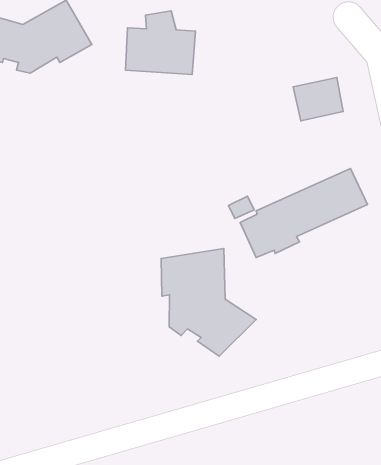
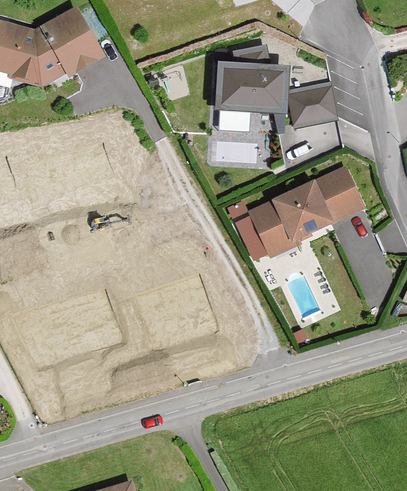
building: [125,11,195,74] -> [219,51,285,111]
building: [161,248,256,356] -> none

